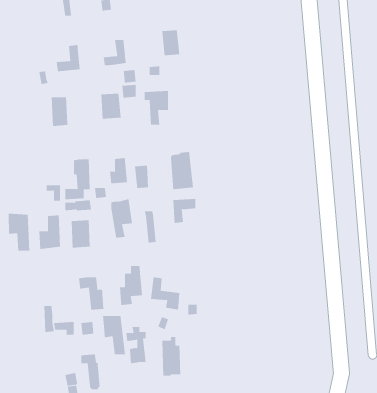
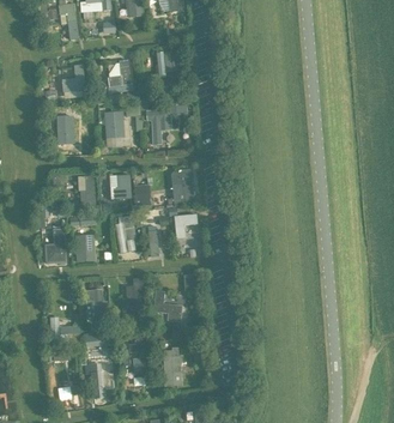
building: [8,213,30,252] -> none
building: [102,315,125,355] -> none

